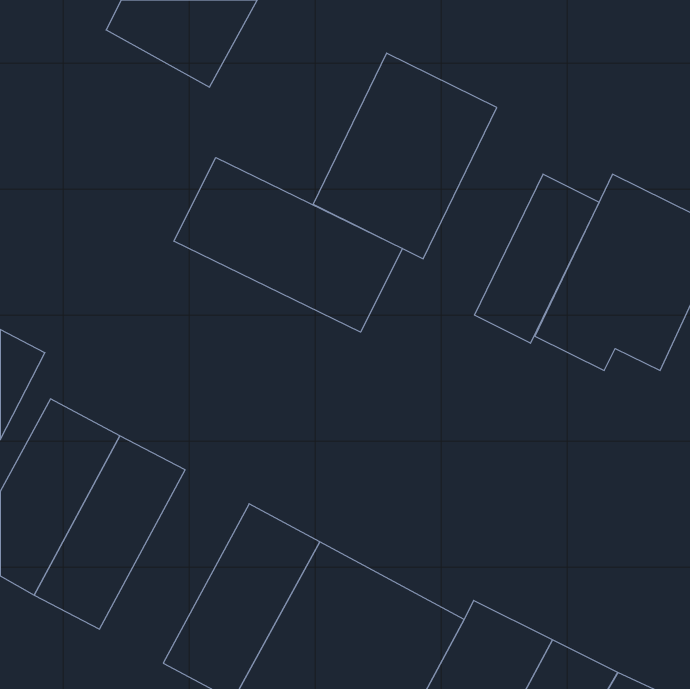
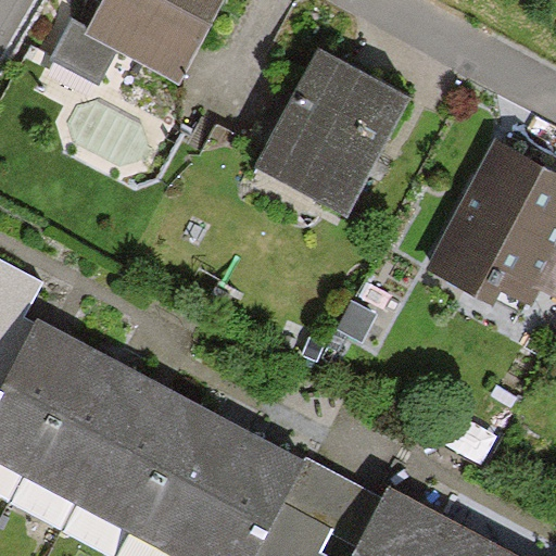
building: [174,158,402,332] -> none
building: [475,174,599,343] -> none
building: none -> [83,380,203,534]

